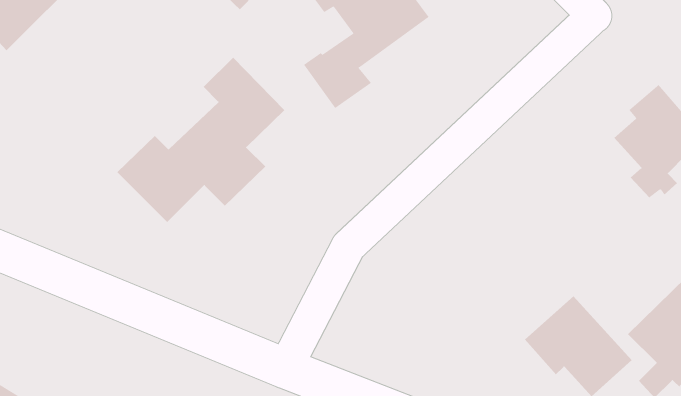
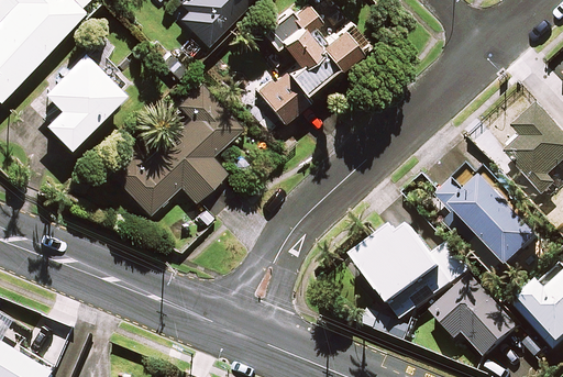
building: none -> [38,55,118,148]
building: none -> [439,166,542,267]
building: none -> [353,226,465,324]

